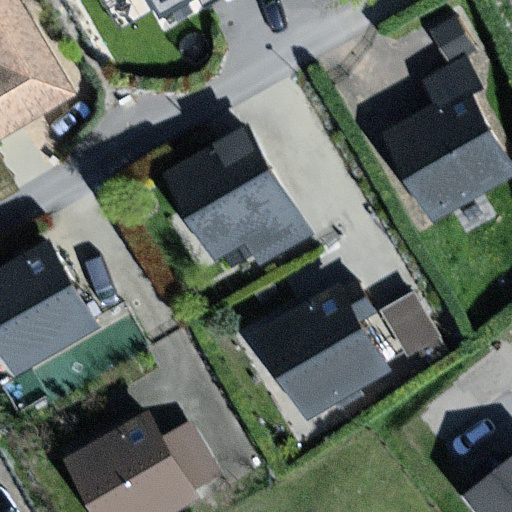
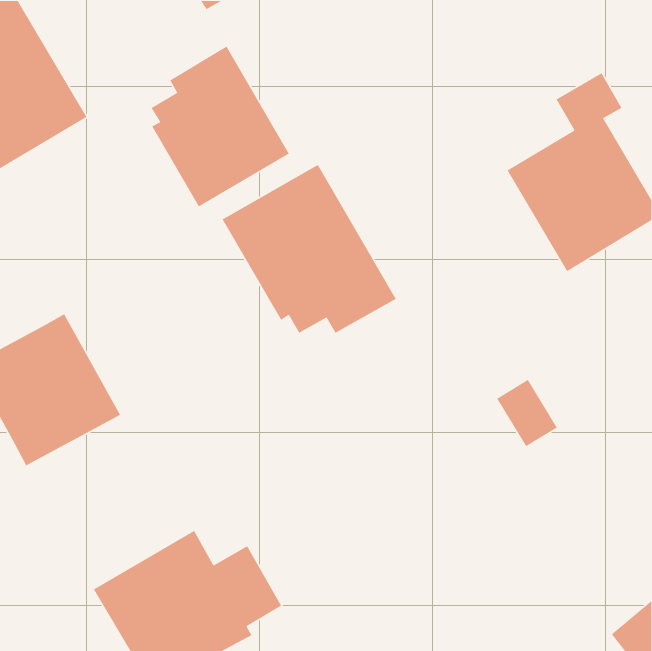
building: none -> [151,46,290,207]
building: [264,291,387,417] -> none

